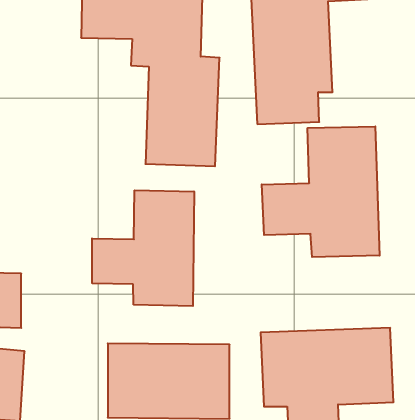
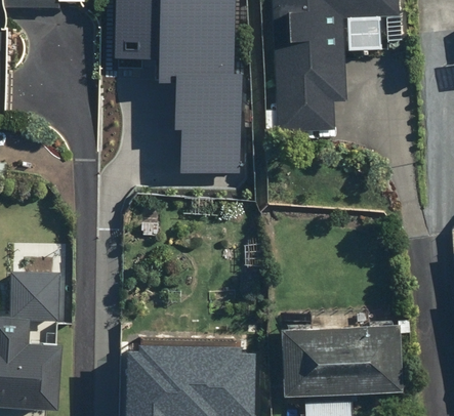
building: [262,126,380,257] -> none
building: [92,190,194,306] -> none

